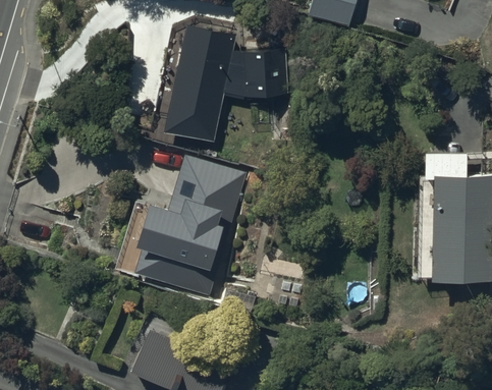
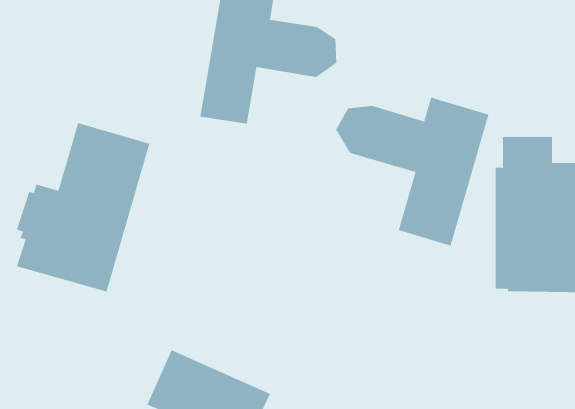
building: none -> [335,97,489,247]
building: [133,154,244,294] -> [16,122,150,292]

